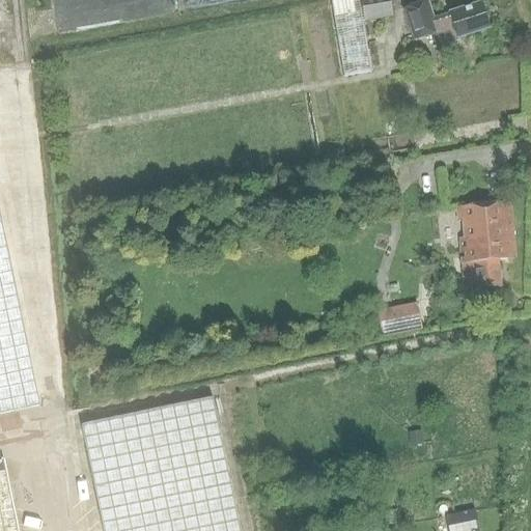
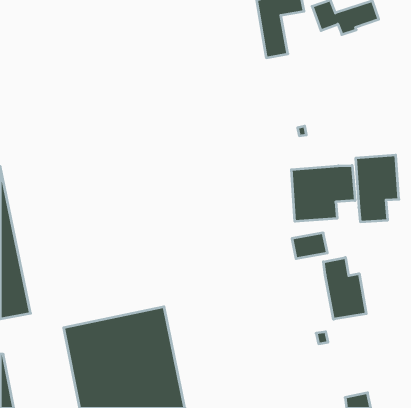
building: none -> [291,165,355,221]
building: none -> [323,257,366,319]

